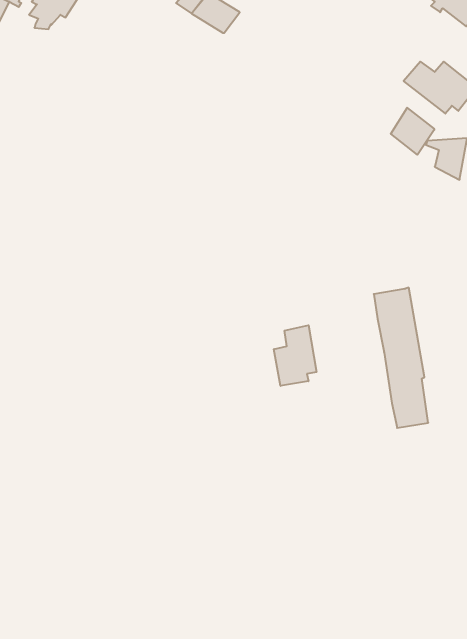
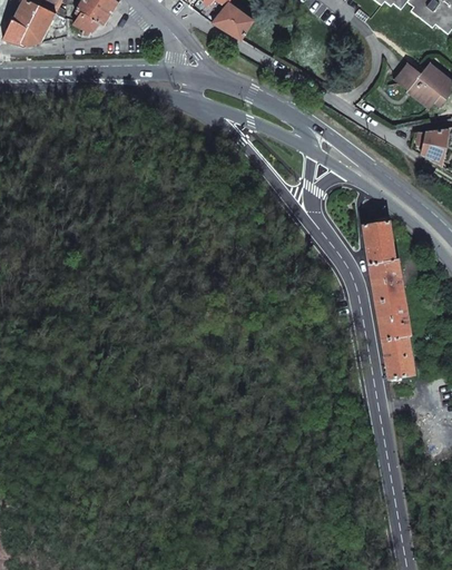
building: [391,108,434,155] -> none
building: none -> [362,219,394,262]
building: [274,325,316,386] -> none

